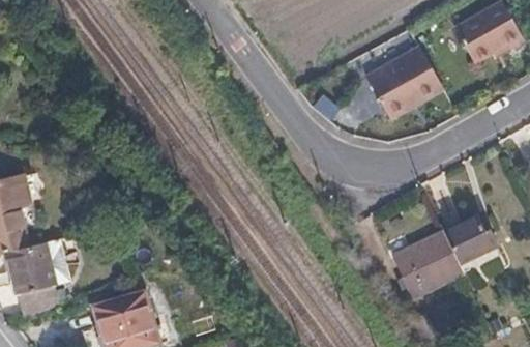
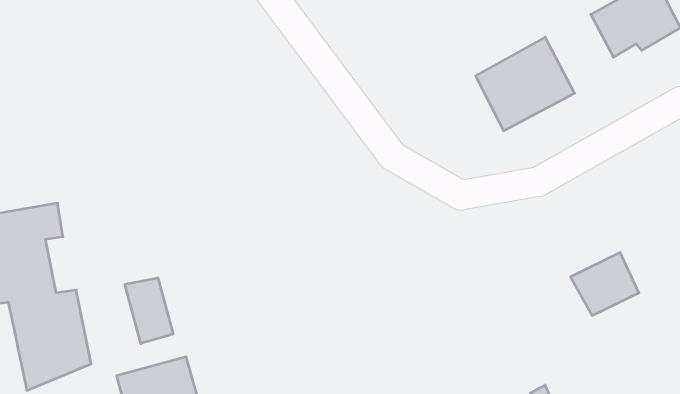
building: [391,231,461,295] -> none
building: none -> [125,278,173,344]

